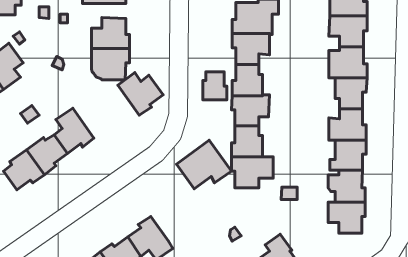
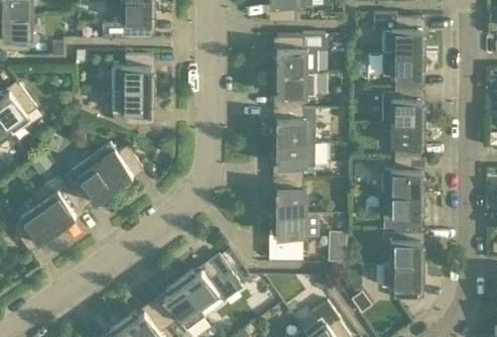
building: [203,72,227,100] -> none
building: [118,73,163,115] -> [91,143,142,192]
building: [176,140,231,189] -> [179,253,242,309]

